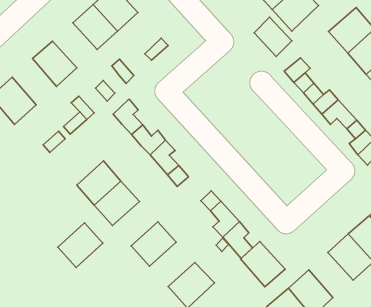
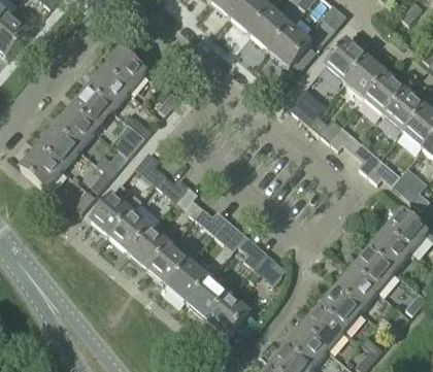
building: [254,17,292,56] -> none
building: none -> [71,88,113,129]
building: none -> [38,126,80,168]
building: none -> [91,194,133,237]
building: [58,223,103,268] -> [149,244,191,286]
building: [241,241,285,287] -> [336,268,378,309]
building: none -> [189,277,230,319]

